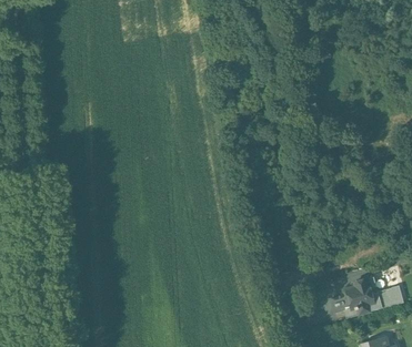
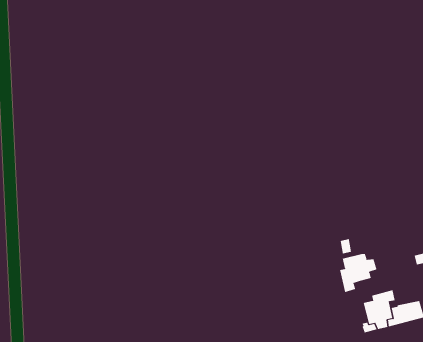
building: none -> [340,253,377,293]

